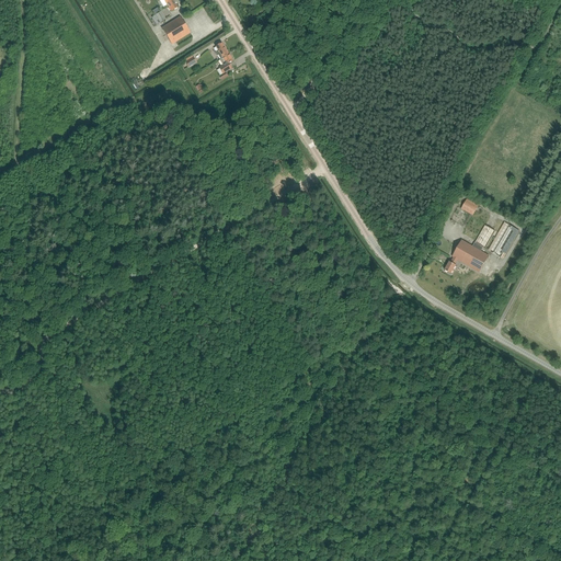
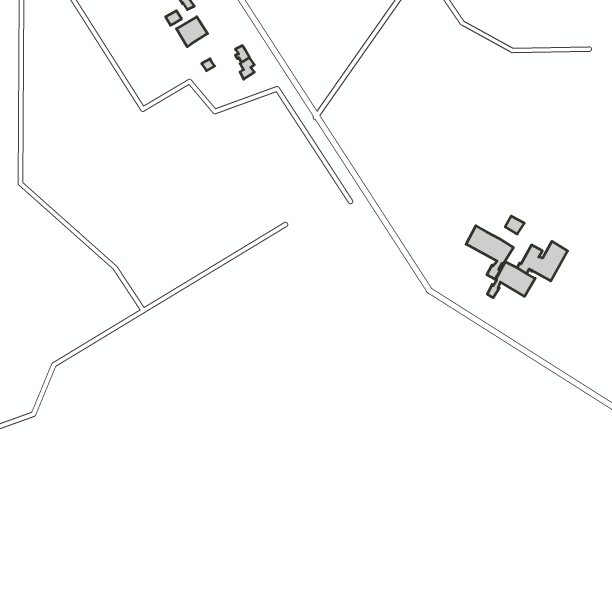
building: none -> [466,226,513,279]

